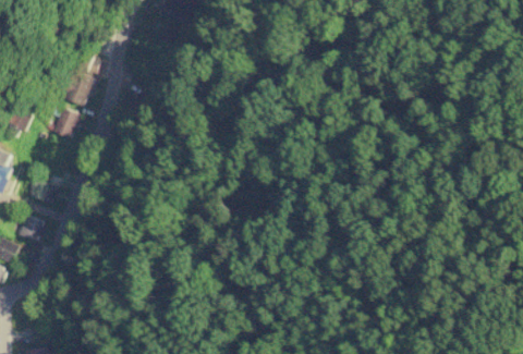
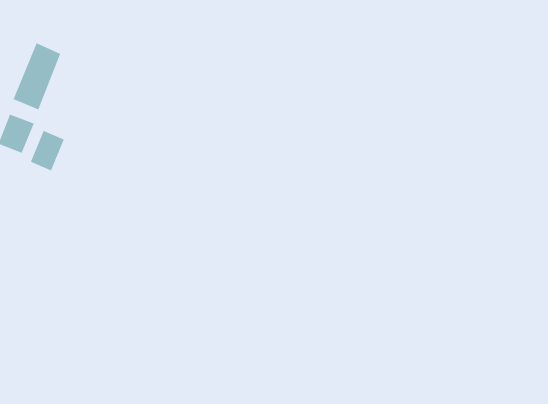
building: none -> [30,130,65,171]

